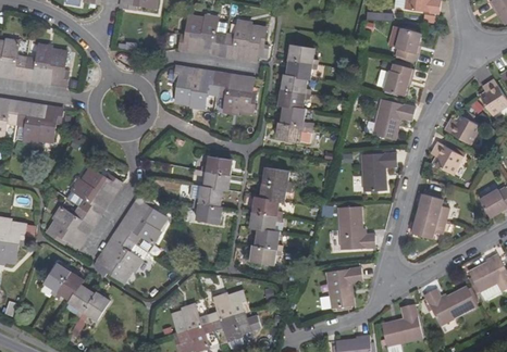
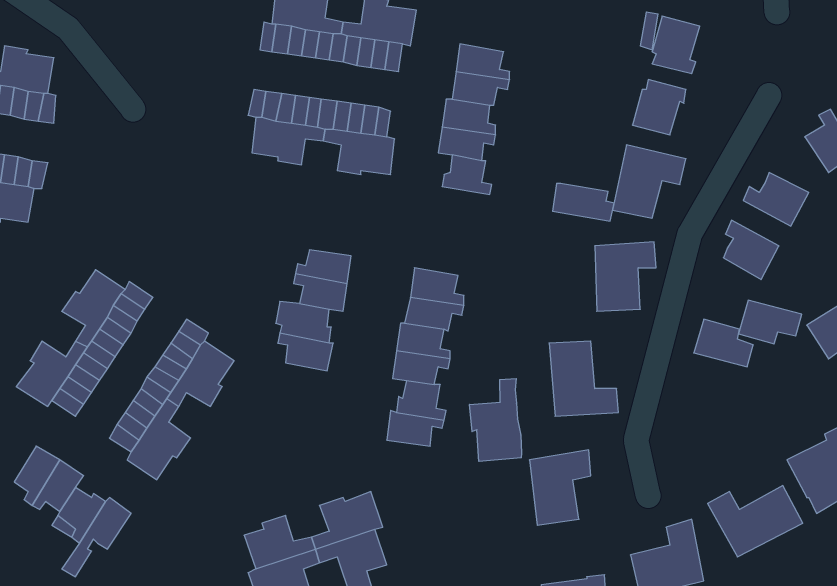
building: [275,122,309,142] -> [553,183,614,221]
building: [412,213,447,237] -> [738,300,802,344]
building: none -> [470,379,522,461]

